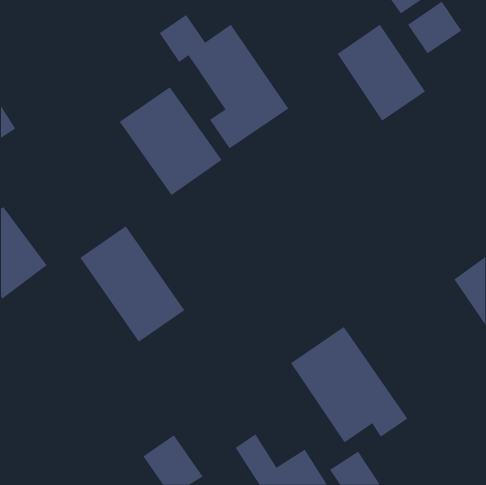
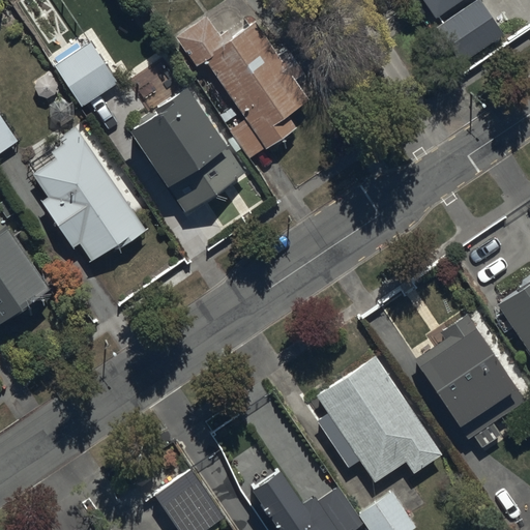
building: [337,24,426,122] -> none
building: none -> [54,40,118,106]
building: [80,225,185,342] -> [30,137,145,264]
building: none -> [412,319,525,440]

